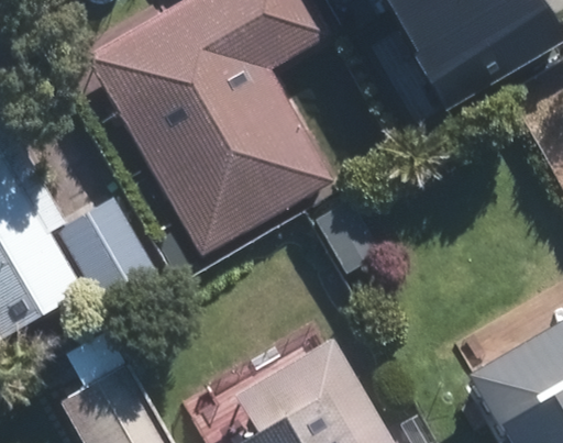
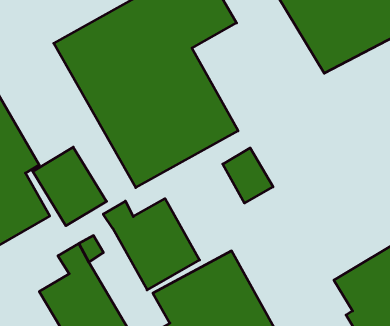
building: none -> [103,199,200,290]

